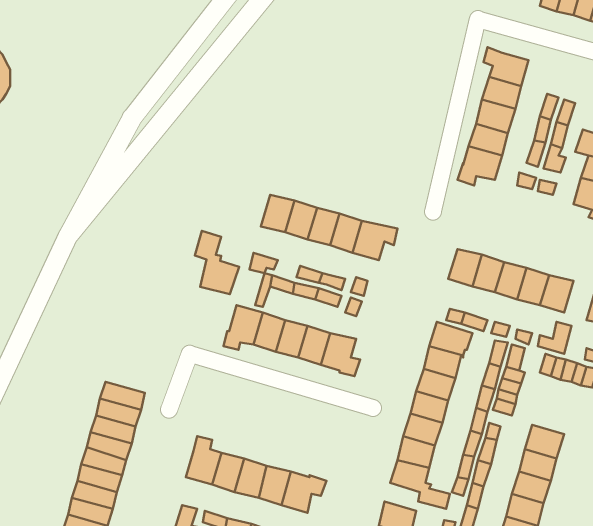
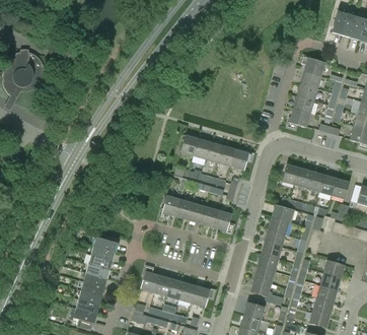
building: [195,231,239,294] -> none

